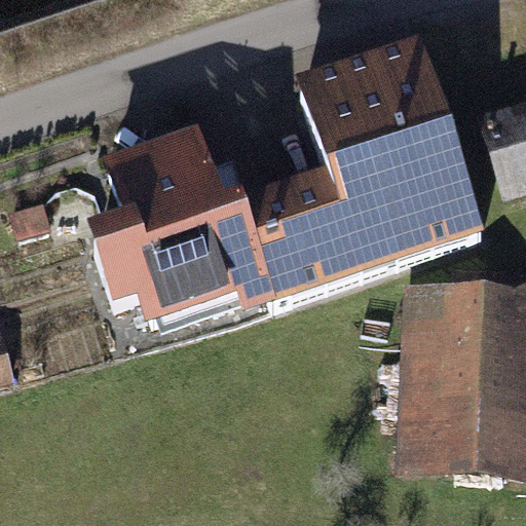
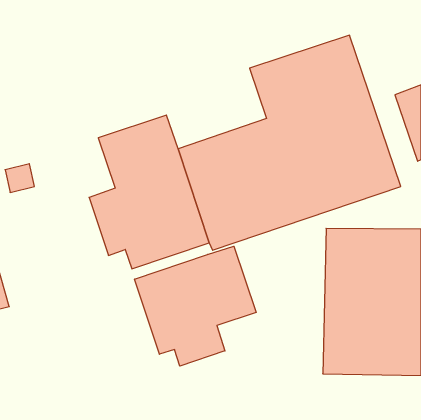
building: none -> [135,246,256,366]

